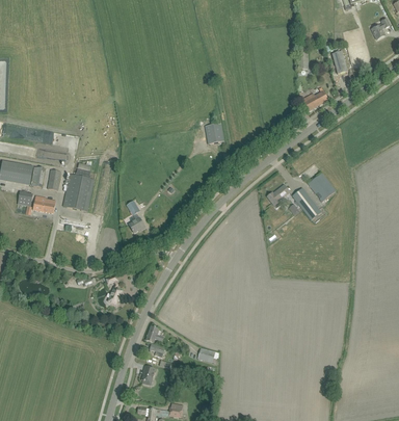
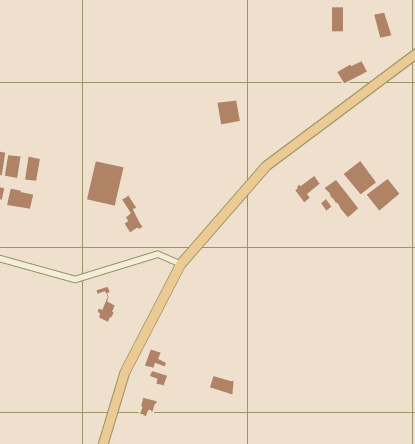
building: [63,174,95,211] -> [86,160,124,206]
building: none -> [365,178,401,212]

